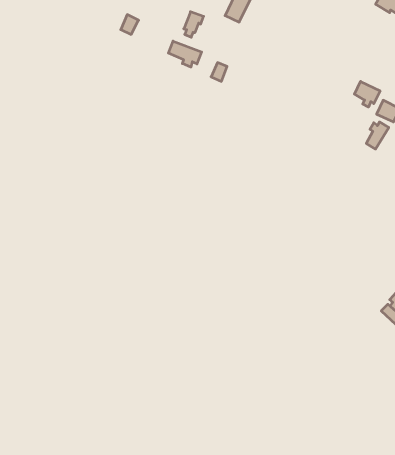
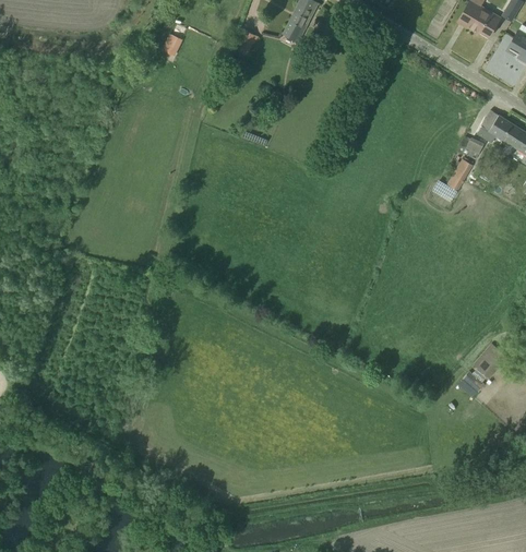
building: [168,41,202,67] -> none
building: [354,81,380,107] -> none

